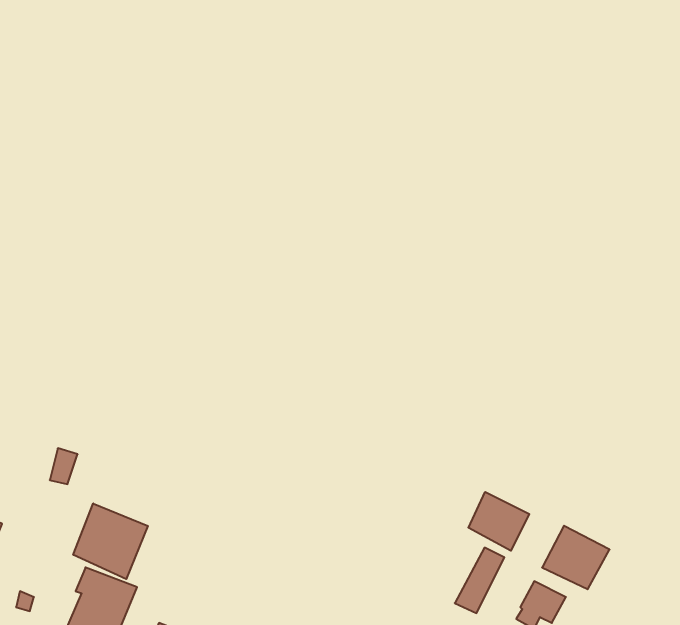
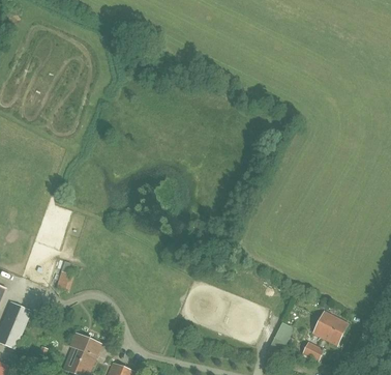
building: [468,492,529,551] -> none
building: [73,503,148,579] -> none

